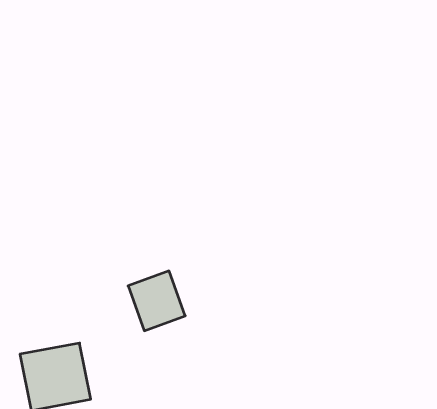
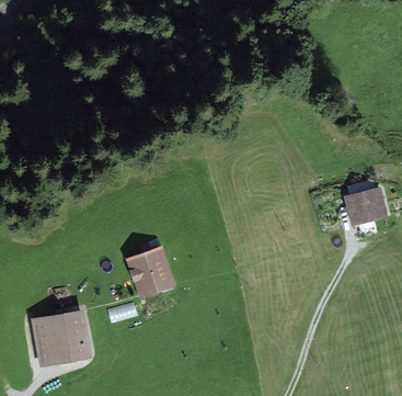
building: none -> [343,186,387,225]

